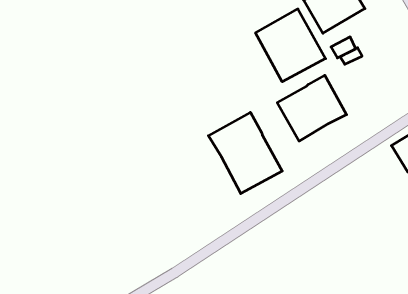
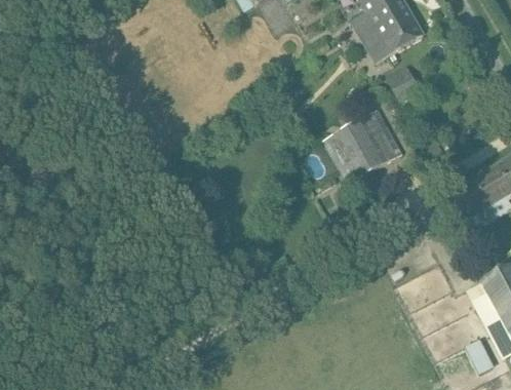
building: [256,9,326,82] -> none
building: [208,112,282,194] -> none

